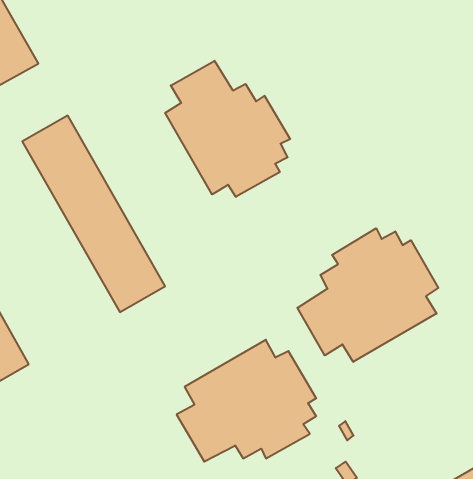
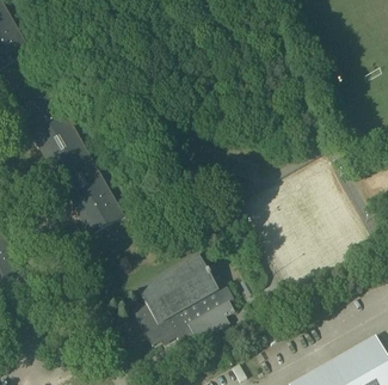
building: [165,61,290,197] -> none
building: [297,228,438,362] -> none

